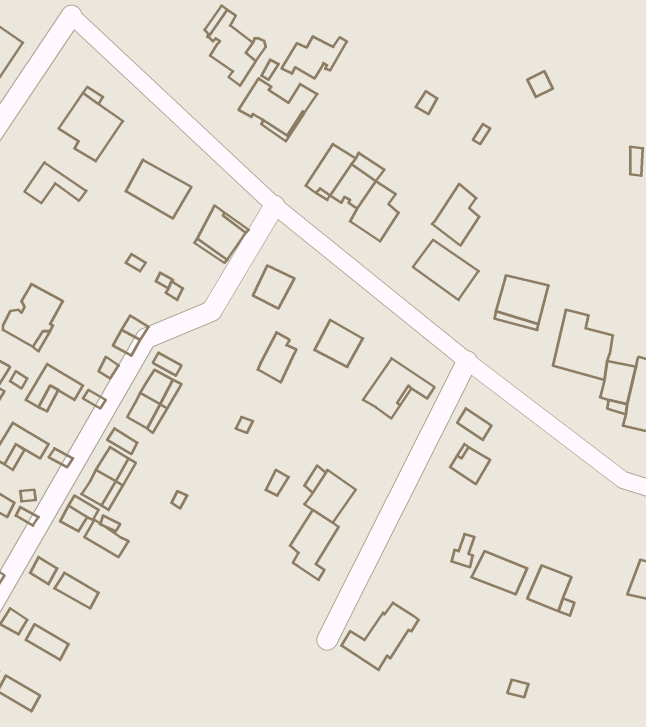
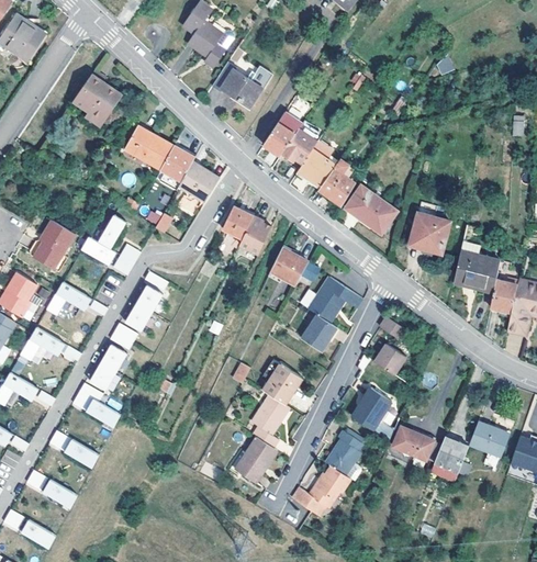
building: [282,36,347,78] -> none
building: [25,162,86,203] -> none
building: [432,184,479,245] -> [317,159,354,206]
building: none -> [160,146,194,181]
building: none -> [82,216,125,265]
building: [258,332,296,382] -> [239,216,269,255]
building: none -> [301,315,336,351]
building: none -> [350,387,390,430]
building: none -> [468,422,508,456]
building: none -> [324,430,361,475]
building: none -> [234,437,277,483]

